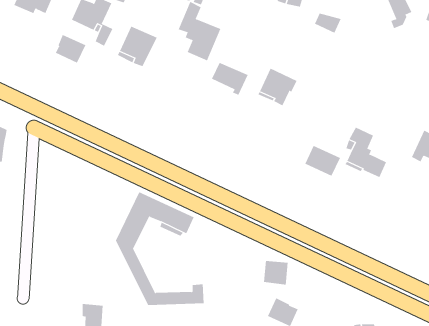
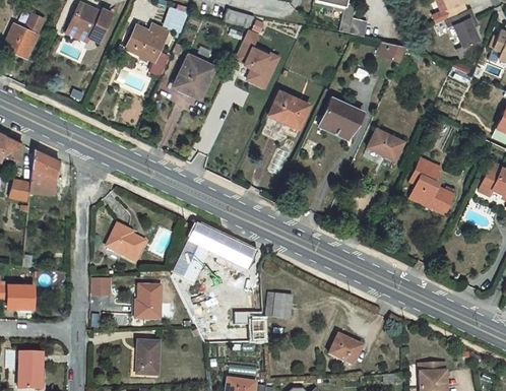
building: [55,34,86,64] -> none
building: [304,145,341,177] -> [367,128,404,160]
building: none -> [107,224,144,260]
building: none -> [90,277,113,296]
building: none -> [135,286,161,321]
building: [263,261,289,285] -> [266,294,293,319]

